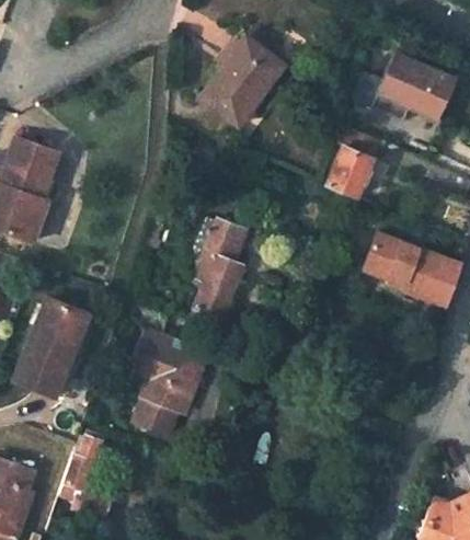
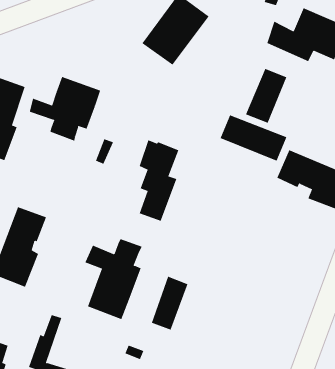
building: none -> [29,76,101,141]
building: none -> [220,115,287,161]
building: none -> [151,276,188,331]

